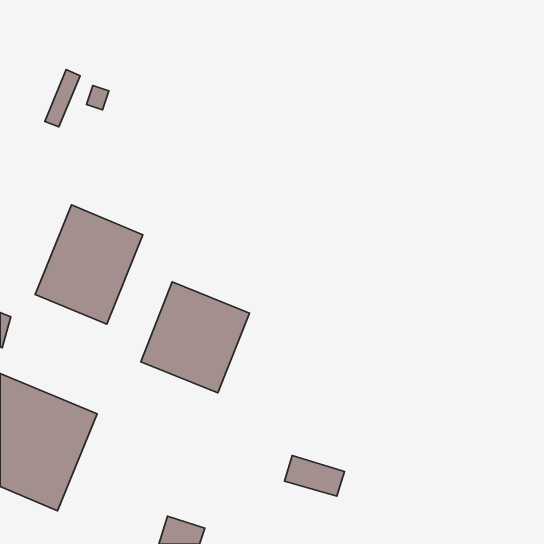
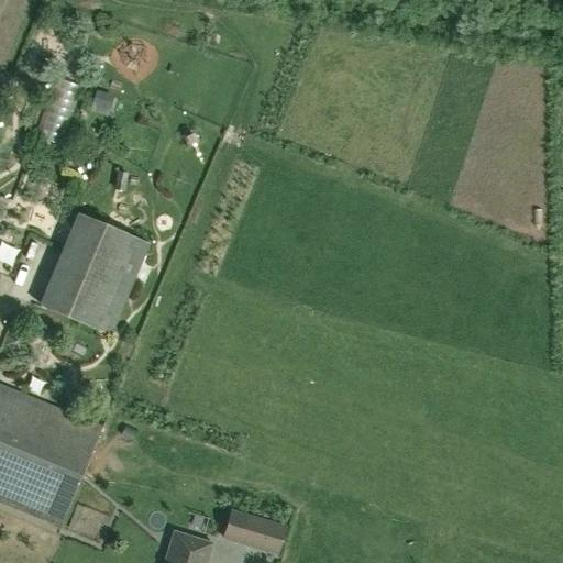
building: [141,282,249,393] -> none
building: [285,456,344,496] -> [223,511,285,553]

